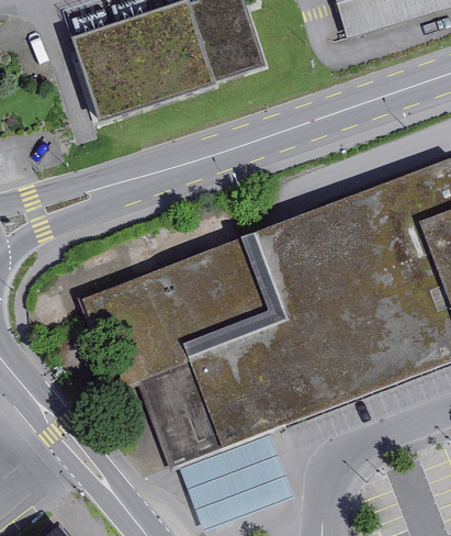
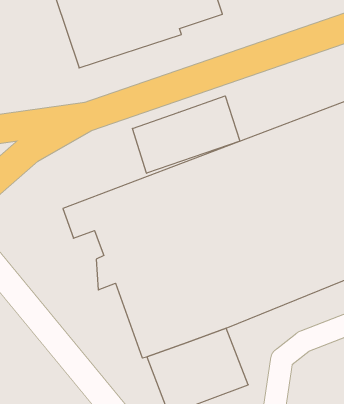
building: none -> [132,96,240,173]

